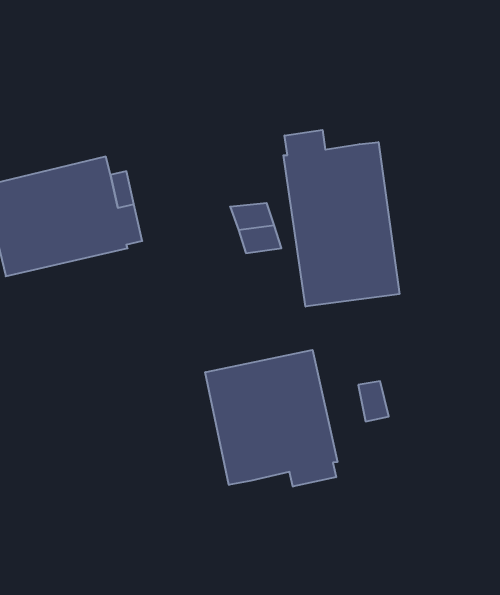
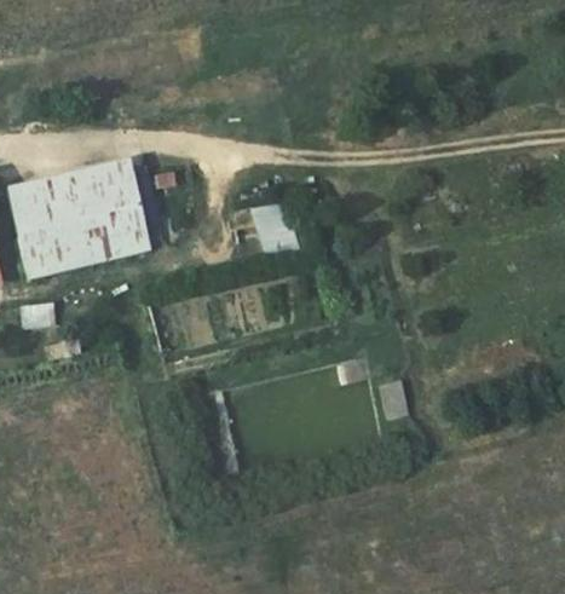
building: [283,130,399,307] -> none
building: [205,350,337,487] -> none

